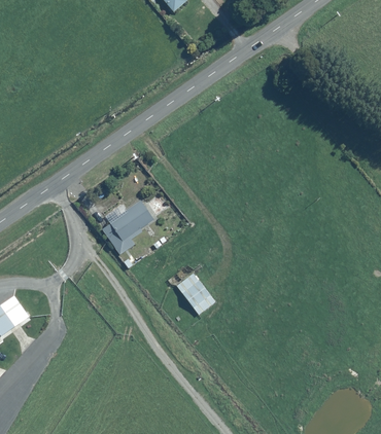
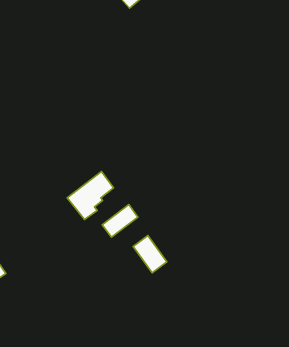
building: none -> [102,204,138,237]

